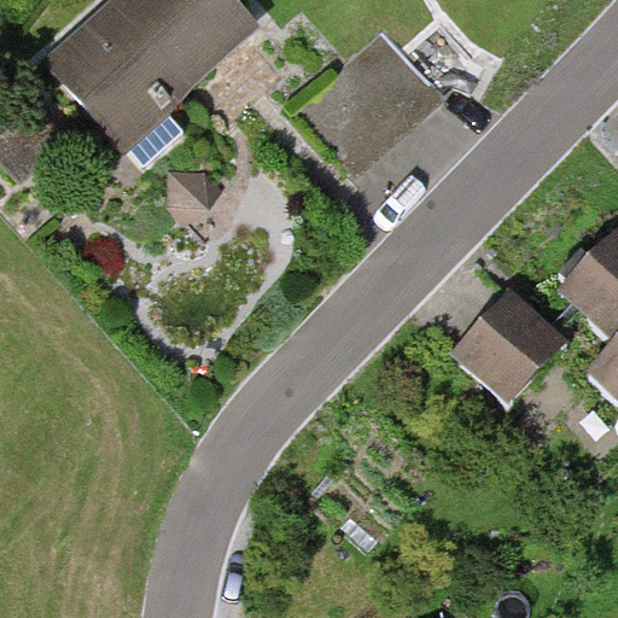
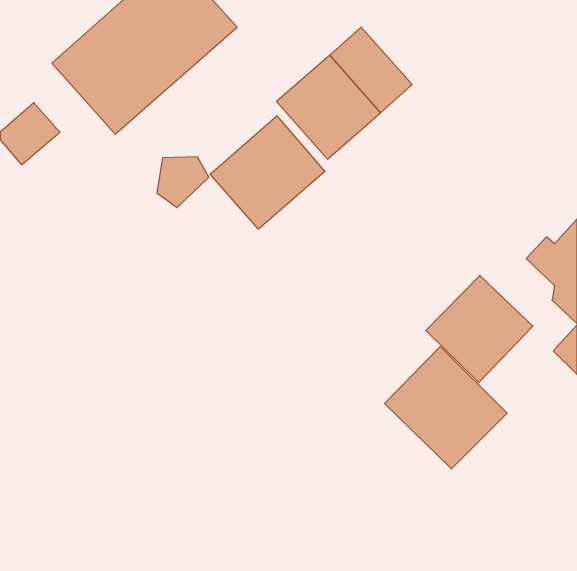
building: none -> [210,116,325,229]
building: none -> [384,347,507,469]

